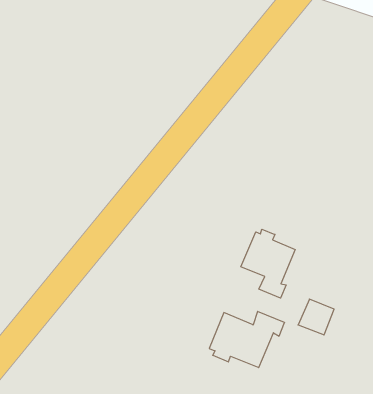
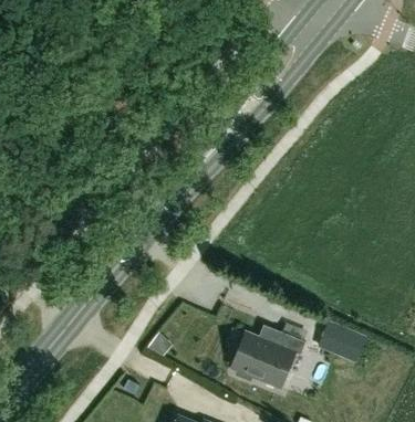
building: [241,229,295,298] -> none

